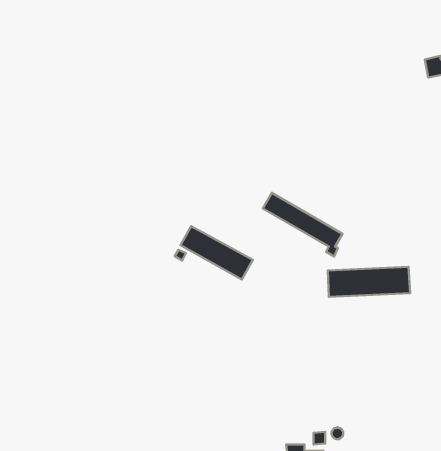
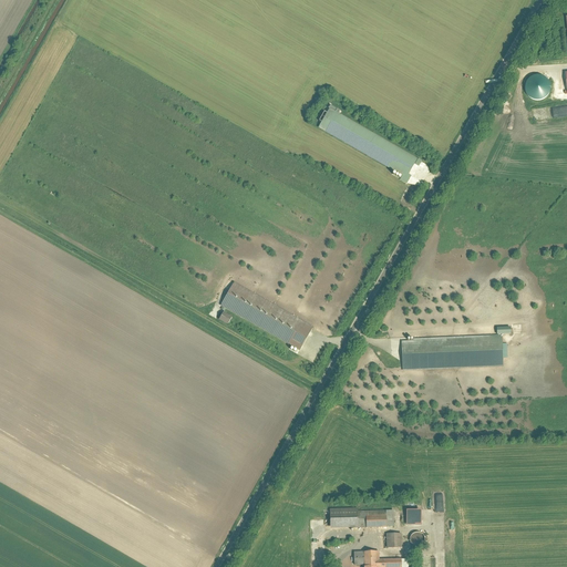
building: [263,193,342,256] -> [318,110,415,187]
building: none -> [328,506,390,525]

